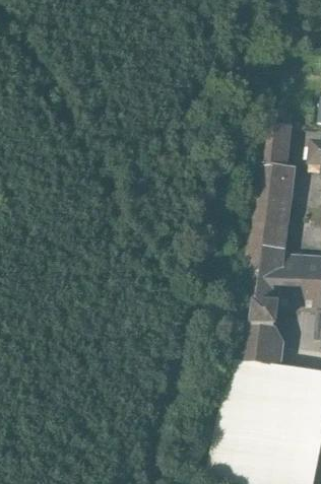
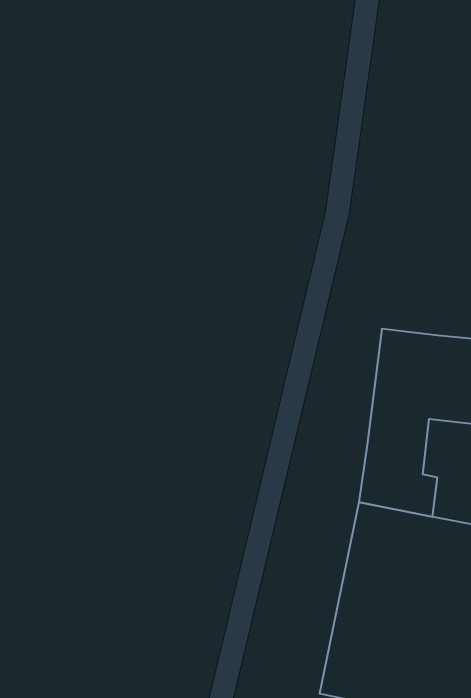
building: [249,107,296,253] -> none

